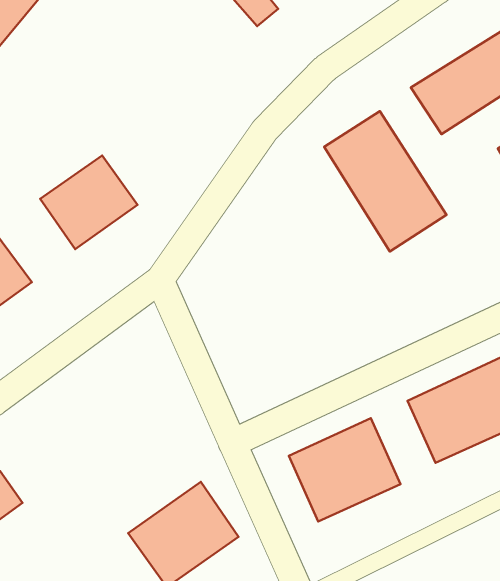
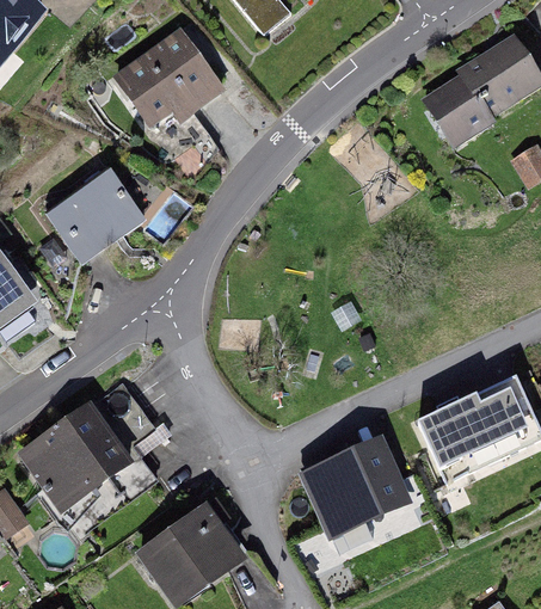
building: none -> [112,25,225,124]
building: [324,111,446,252] -> none
building: none -> [18,400,134,511]

